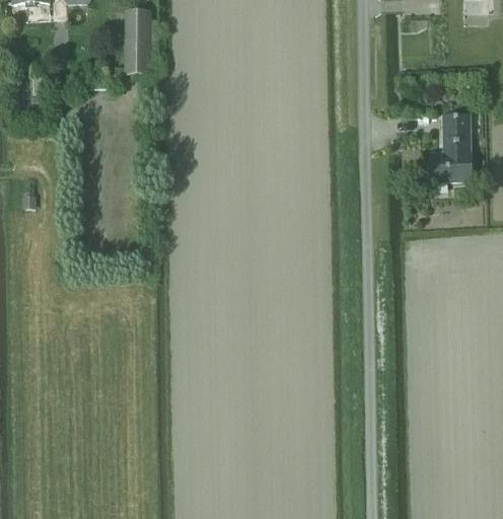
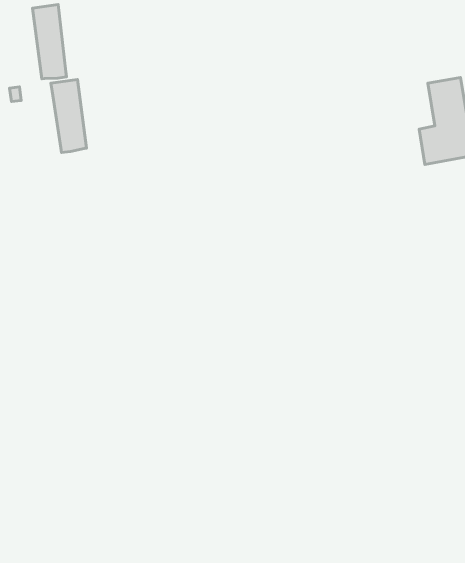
building: none -> [51,79,87,153]

